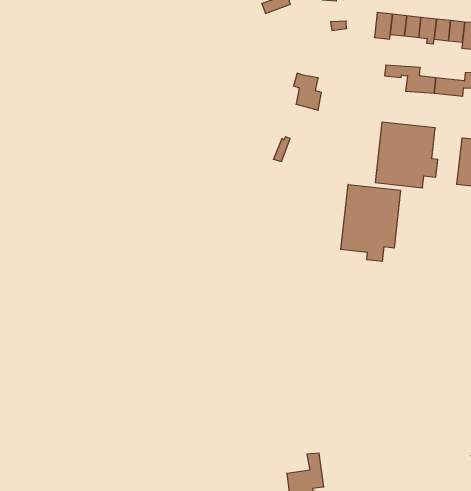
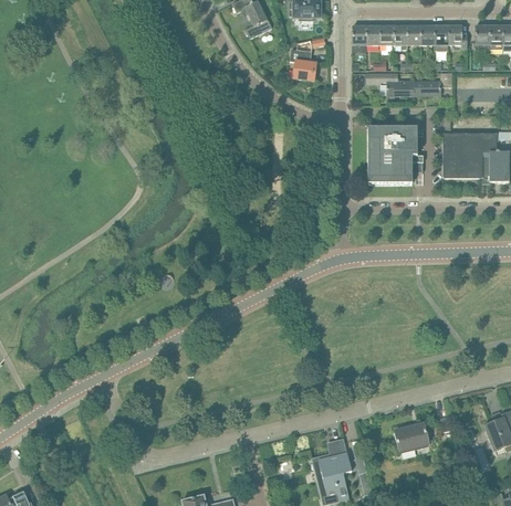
building: [293,73,321,110] -> [289,48,315,80]
building: [341,184,400,261] -> none
building: none -> [394,423,428,449]

